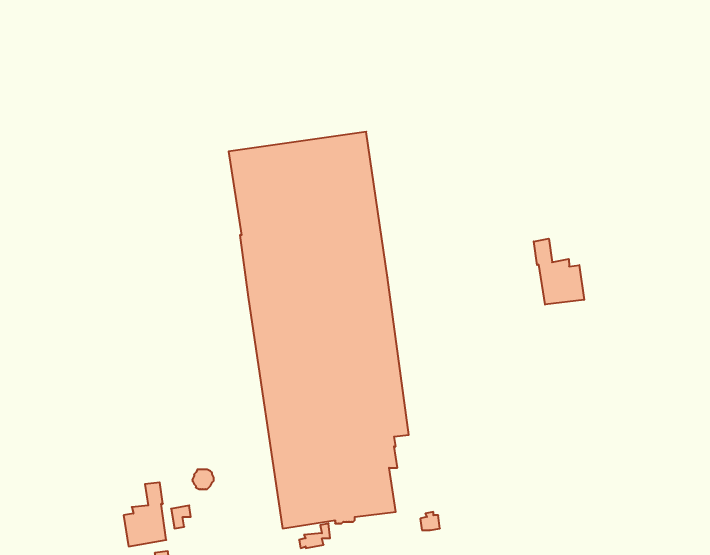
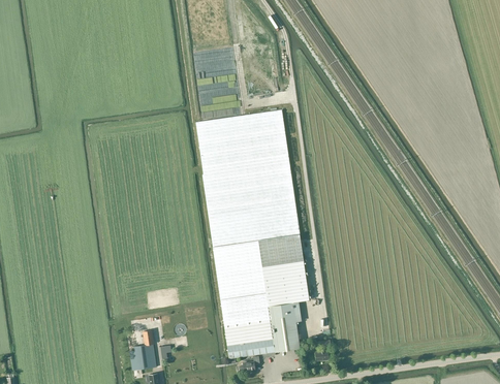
building: [534,239,584,305] -> none

